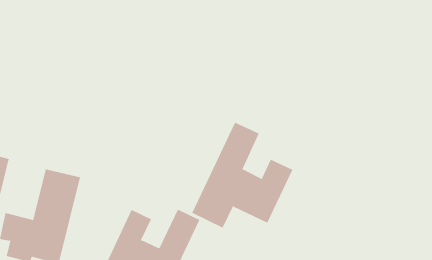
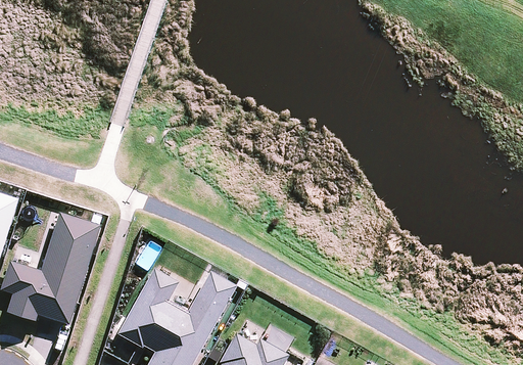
building: [192,122,293,228] -> none

